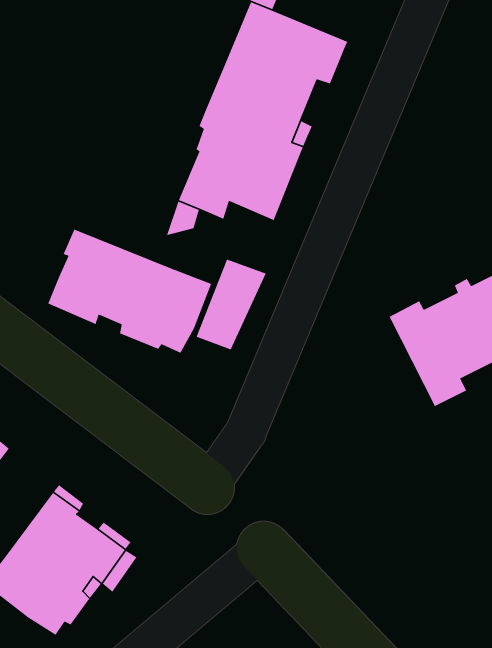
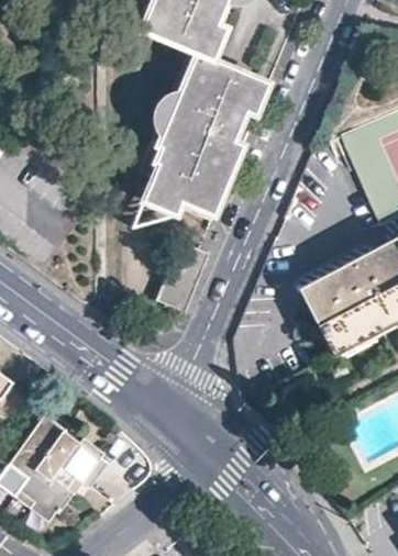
building: [47,229,212,354] -> none

